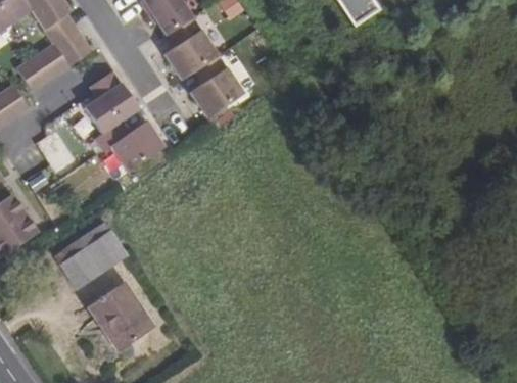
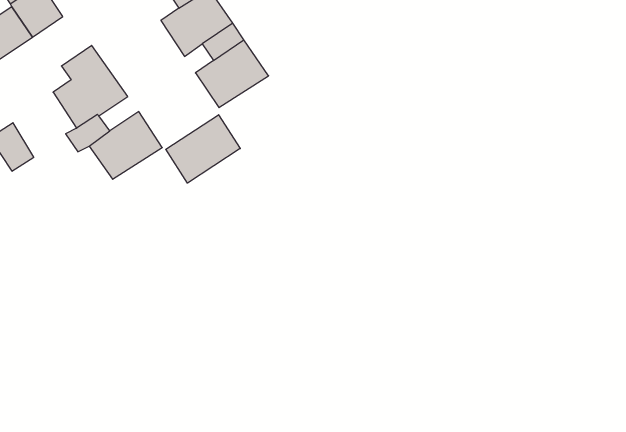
building: none -> [166,115,240,183]
building: [57,228,128,287] -> none
building: [85,281,154,349] -> none

